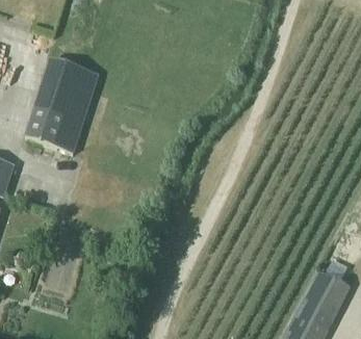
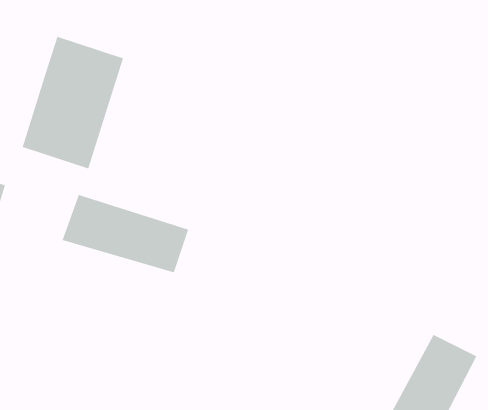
building: none -> [62,194,189,273]

